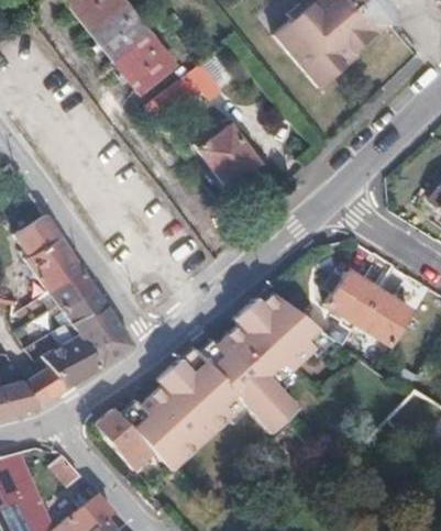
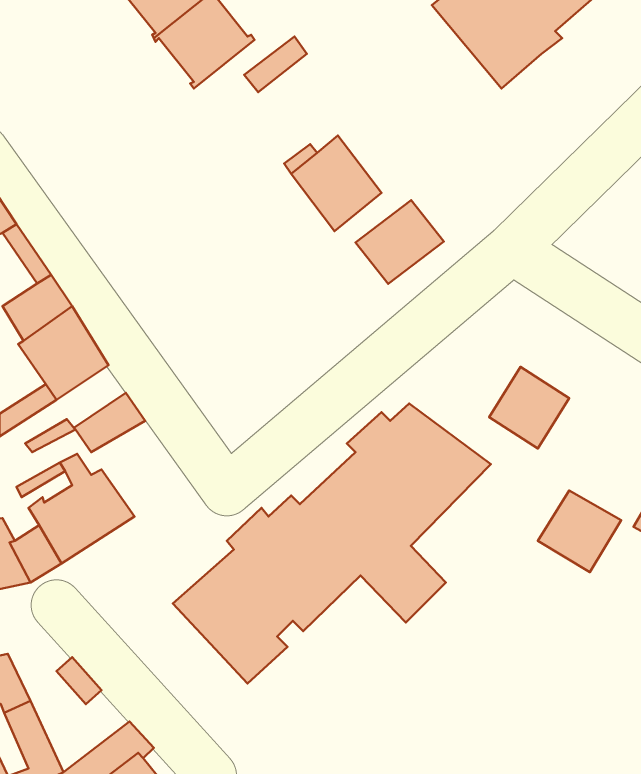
building: none -> [355,200,444,284]
building: [356,291,409,343] -> [538,491,621,572]
building: [74,306,133,366] -> none
building: [97,409,155,472] -> none

